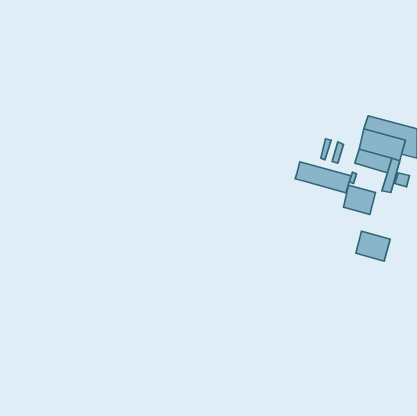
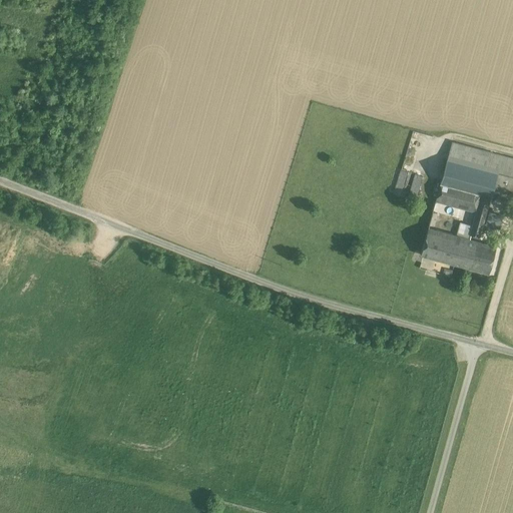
building: [295,162,351,193] -> none
building: [356,231,390,261] -> [454,237,496,275]

